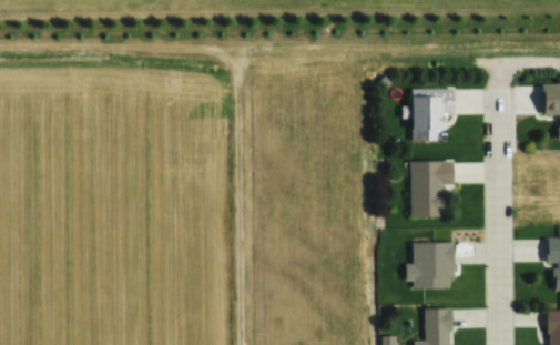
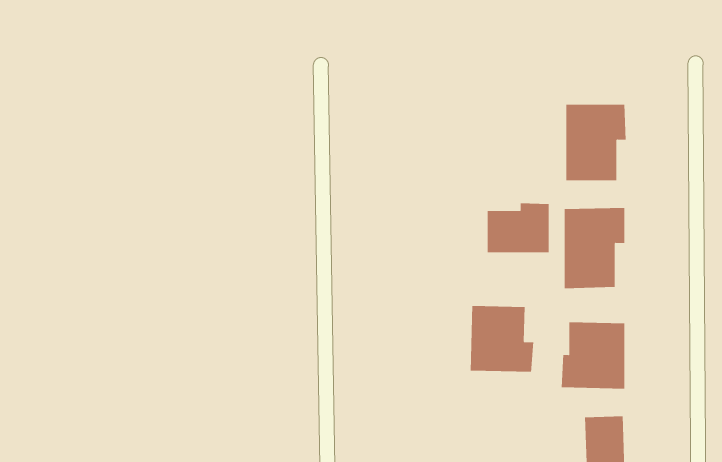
building: none -> [487,202,549,253]
building: none -> [470,305,534,373]

